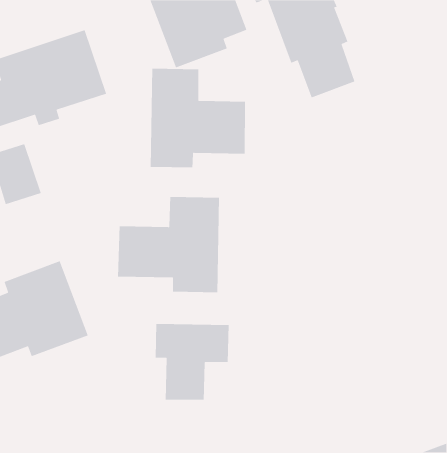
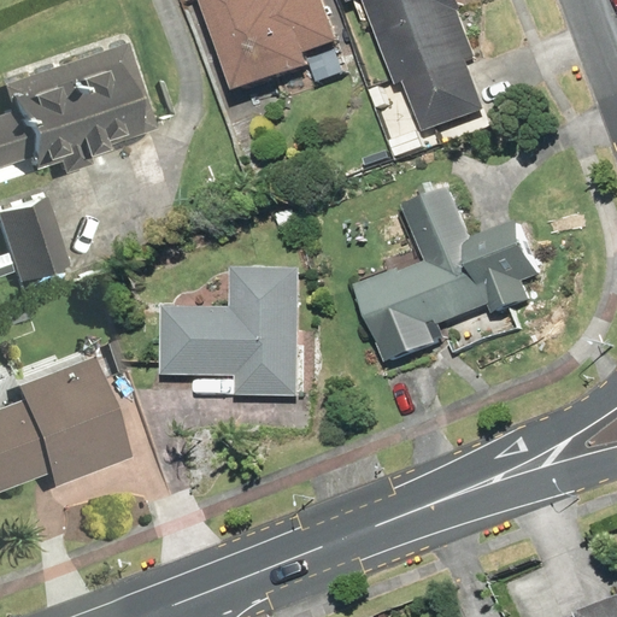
building: [150,68,246,168] -> none
building: none -> [353,188,537,363]
building: [155,323,229,401] -> none

